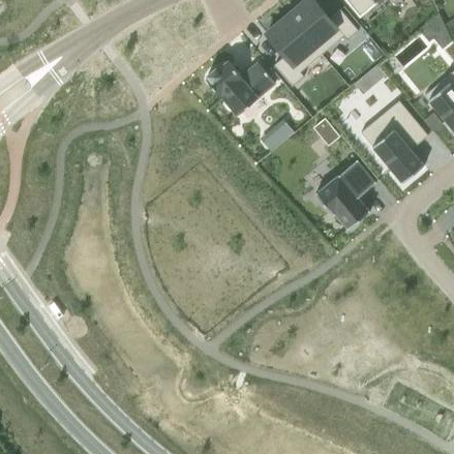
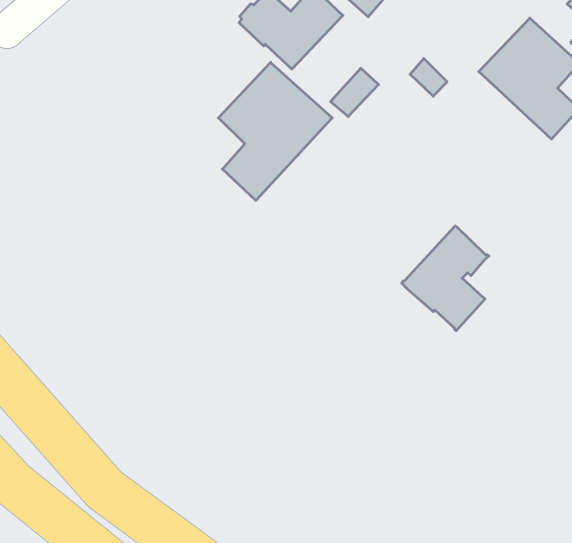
building: none -> [218,62,332,200]
building: [315,159,375,229] -> [402,226,489,331]

